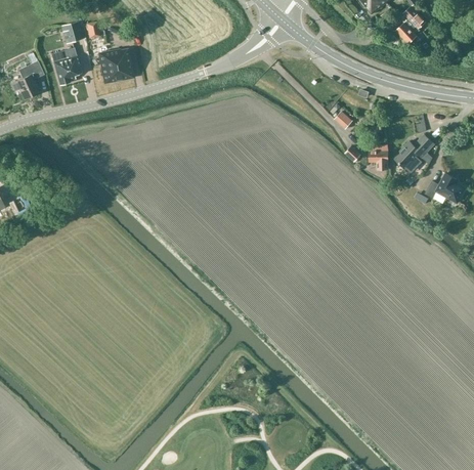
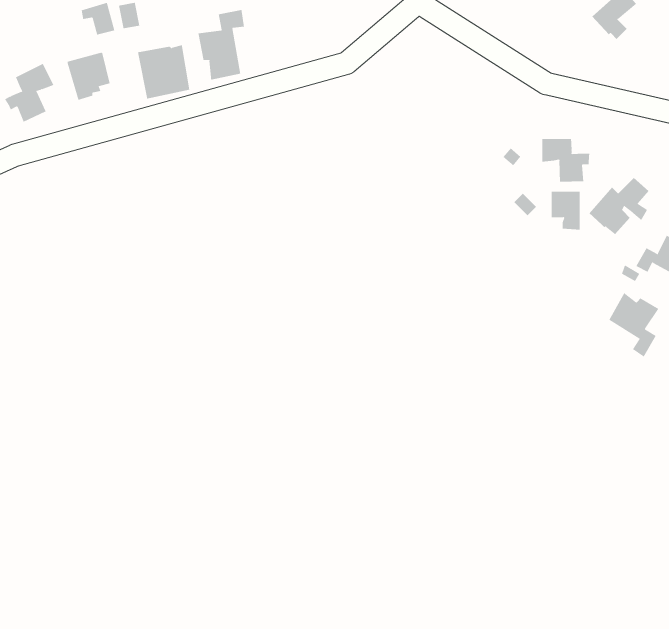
building: none -> [198,9,245,80]
building: none -> [542,138,590,182]
building: none -> [608,292,659,357]

